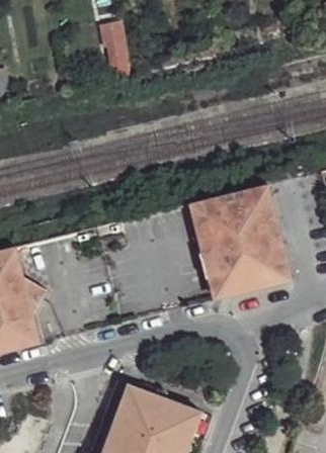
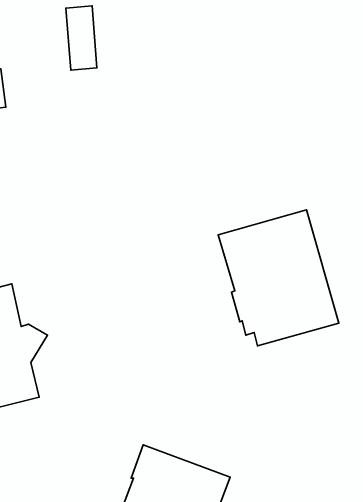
building: [98,21,125,76] -> [66,6,97,70]

